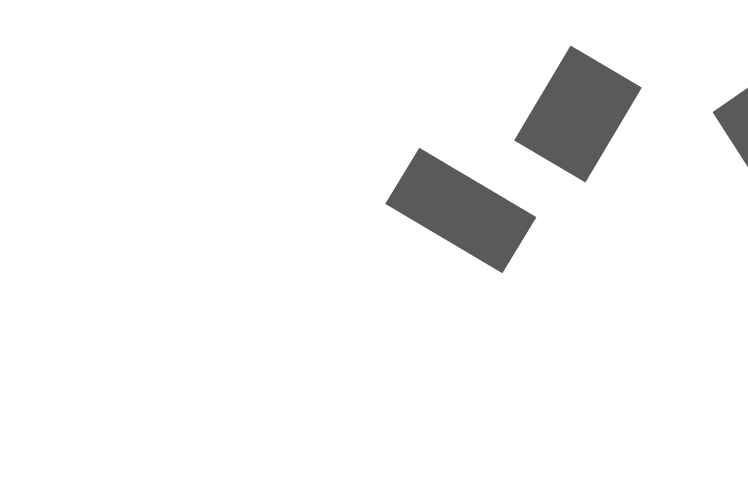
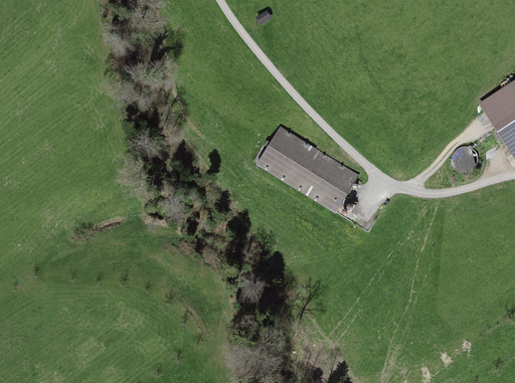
building: [513,45,643,183] -> none

